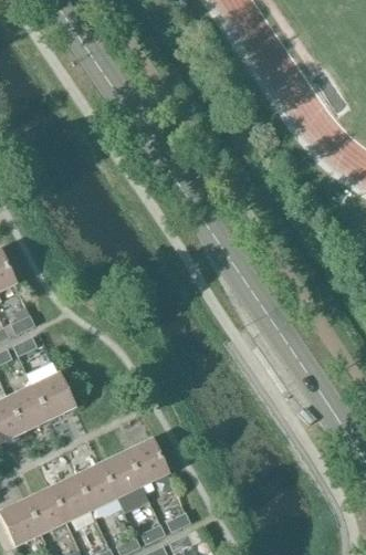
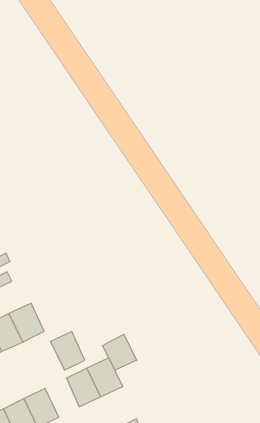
building: none -> [103,334,137,370]
building: [75,462,116,509] -> [50,331,85,370]

